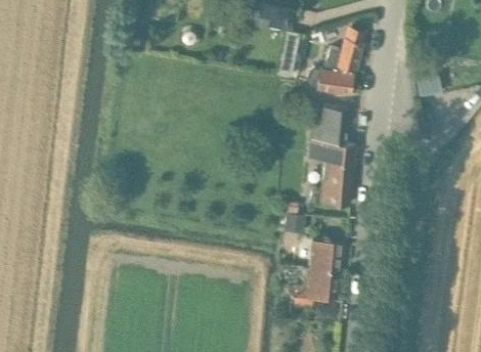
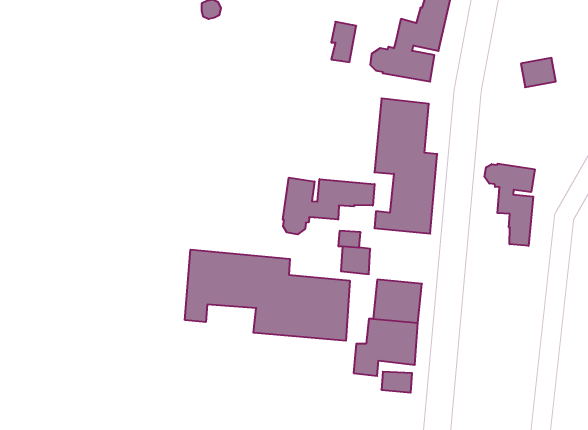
building: none -> [485,164,535,246]
building: none -> [283,178,375,234]
building: none -> [185,250,350,341]

